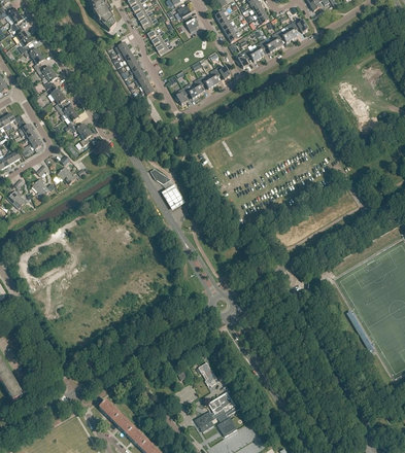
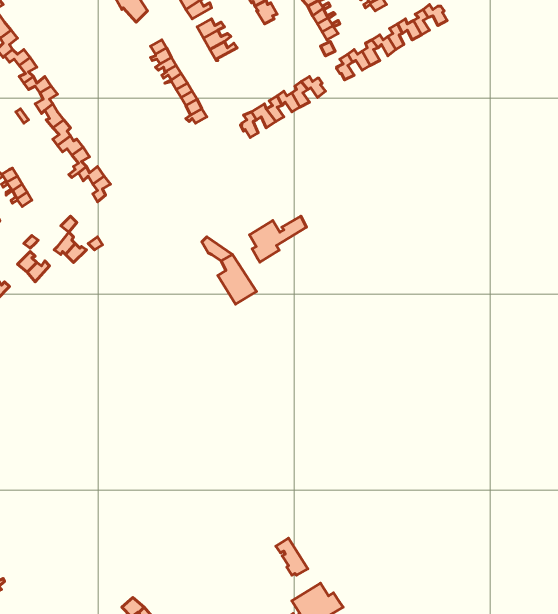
building: none -> [249,216,306,262]

